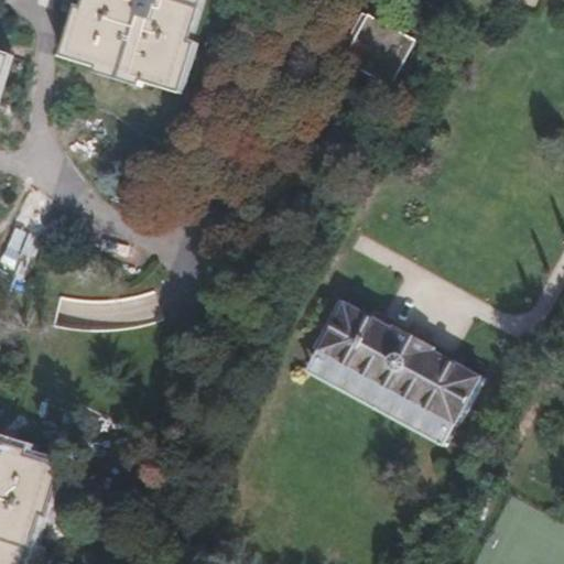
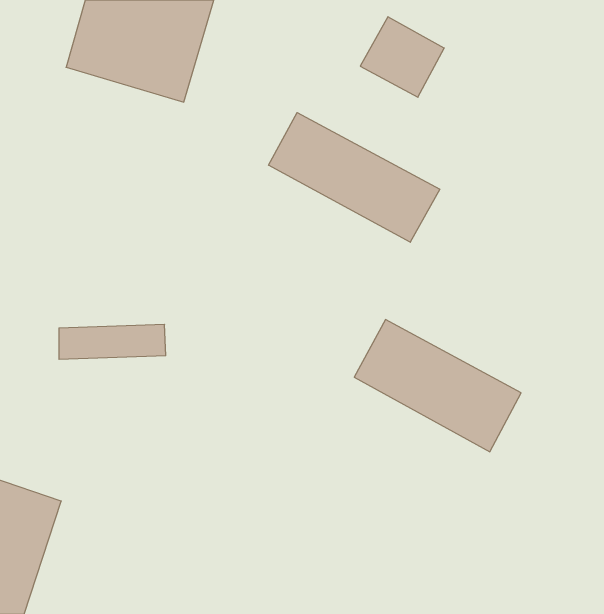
building: none -> [269,113,440,242]
building: [315,346,449,434] -> none

